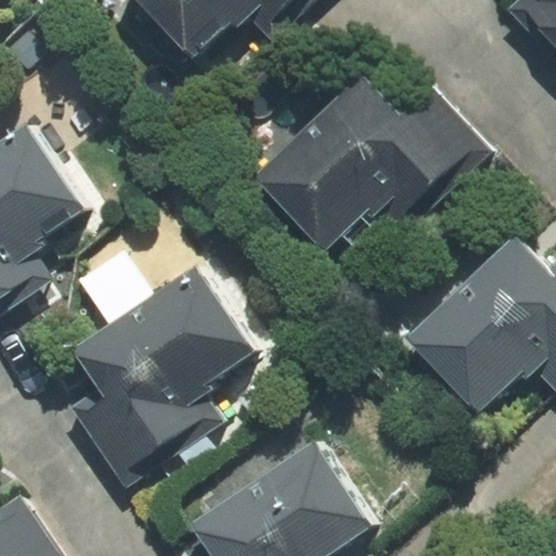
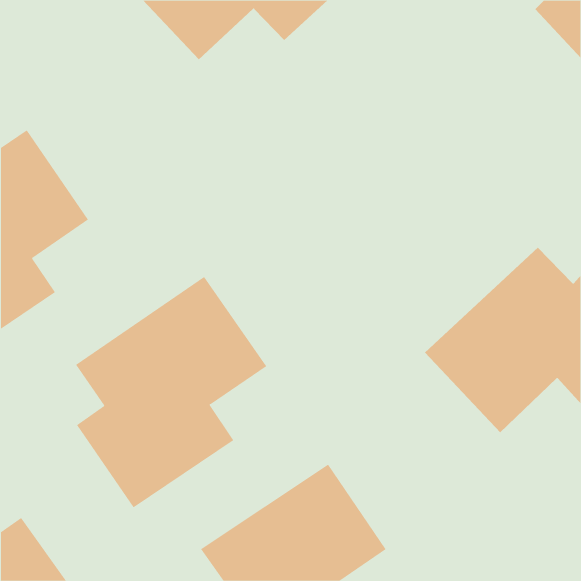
building: [252,73,491,251] -> none

